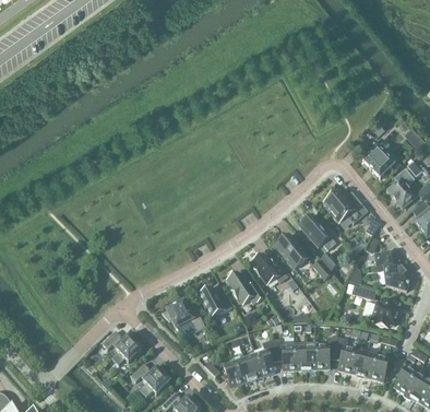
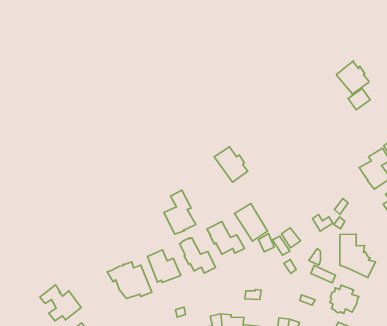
building: [363,145,394,177] -> [337,61,369,95]
building: [325,190,368,223] -> none
building: [299,213,332,246] -> [214,147,248,182]
building: none -> [164,190,196,234]

